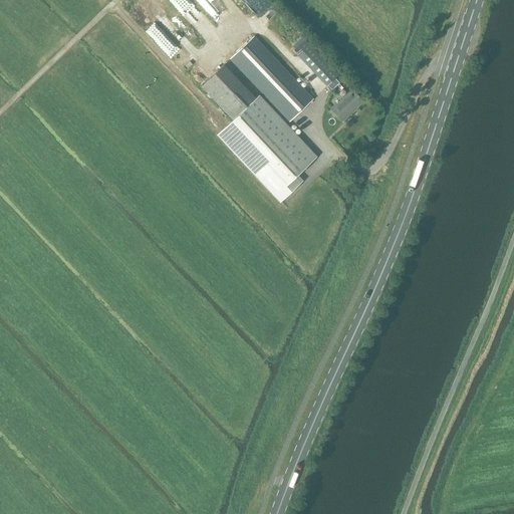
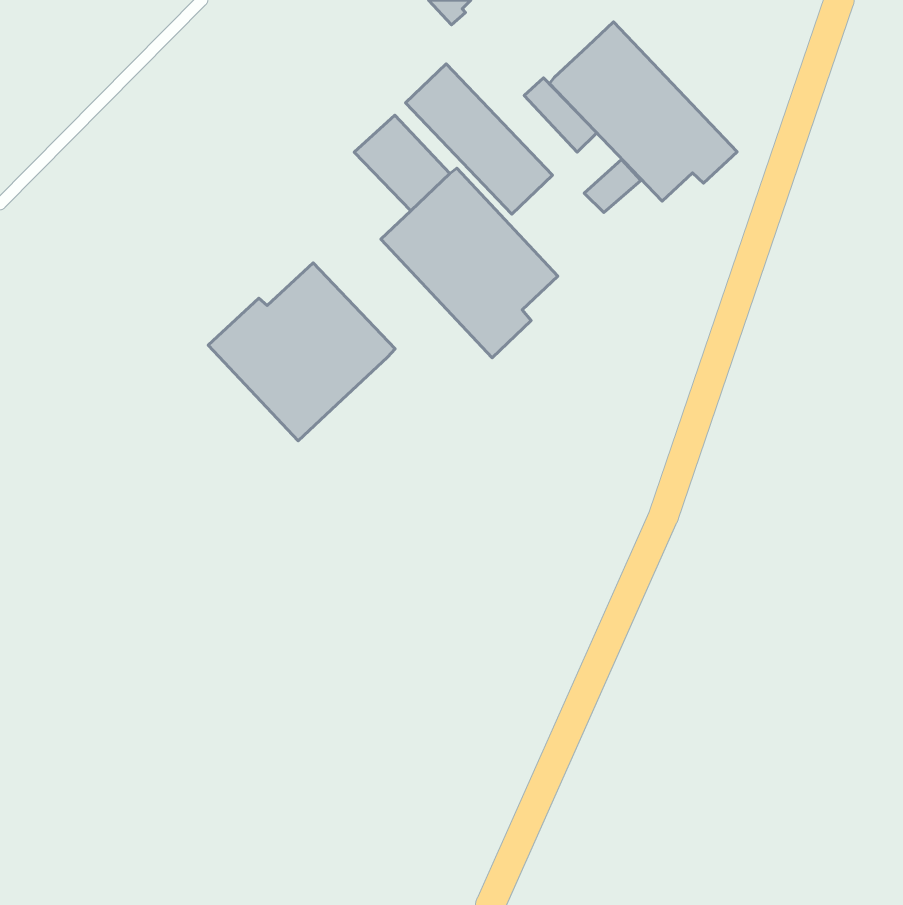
building: none -> [550,22,737,201]
building: none -> [208,263,395,441]

